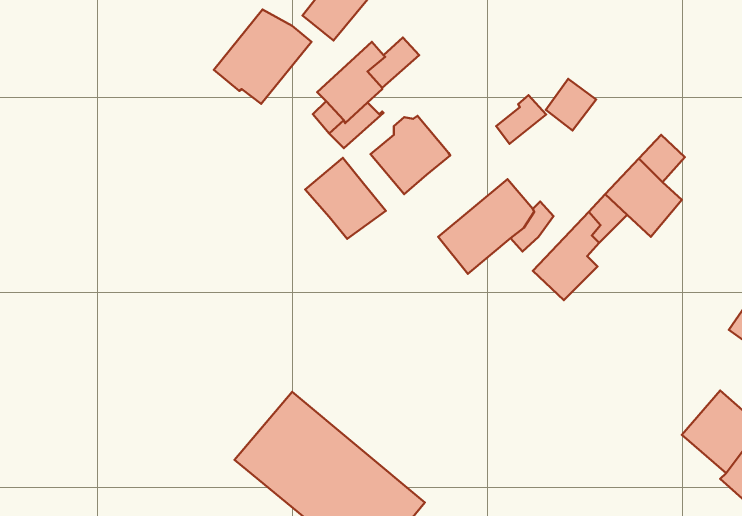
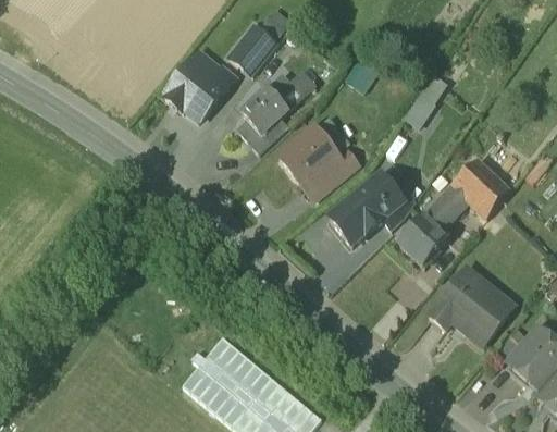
building: [496,95,546,144] -> [320,150,357,186]
building: [305,158,386,239] -> none
building: none -> [428,268,513,345]

